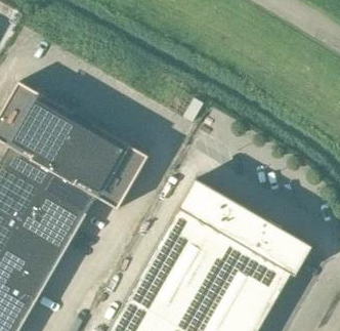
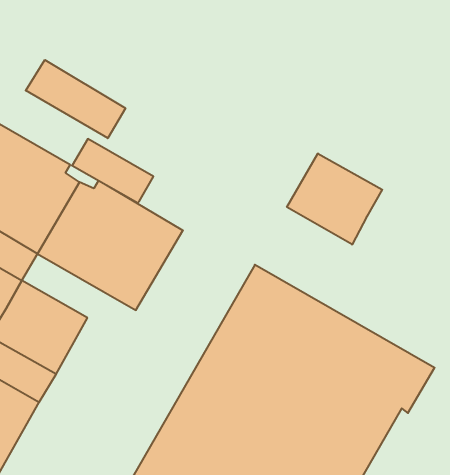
building: none -> [26,60,125,138]
building: none -> [287,153,382,245]
building: [42,172,95,214] -> [72,139,153,203]

